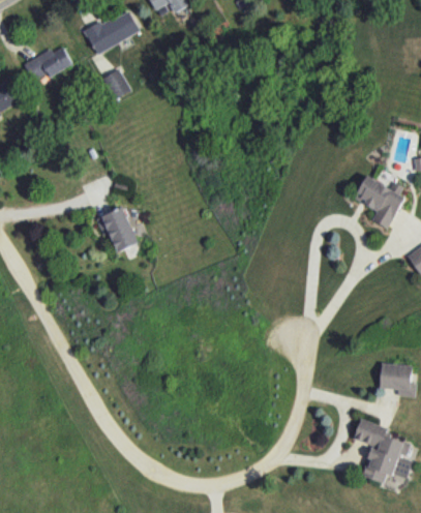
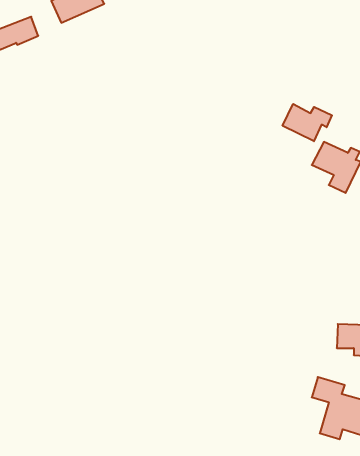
building: [100,68,129,99] -> none
building: none -> [283,104,332,141]
building: [95,207,138,251] -> none

